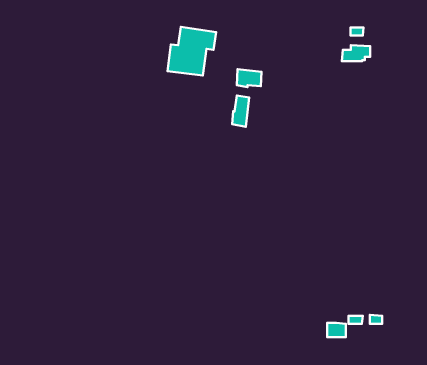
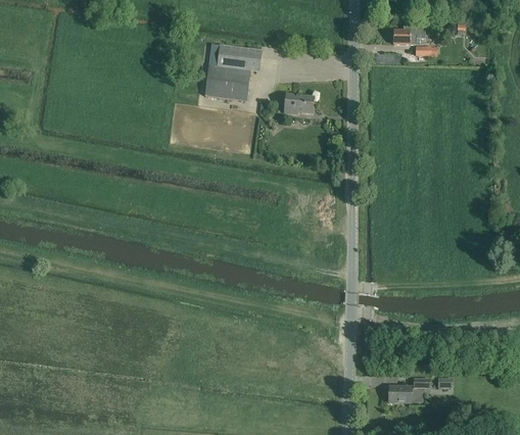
building: [342,45,370,61] -> [392,26,425,44]
building: [232,95,249,127] -> none

